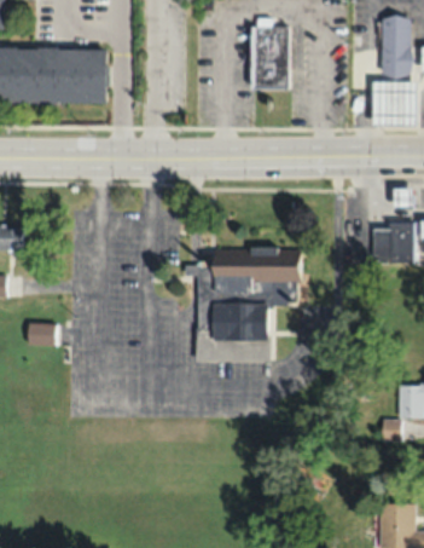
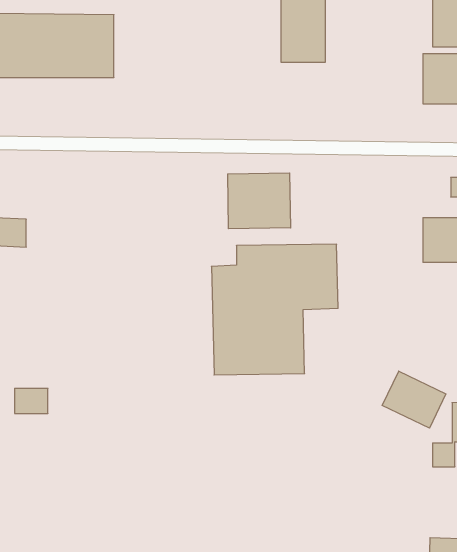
building: none -> [228,173,291,229]
building: [27,323,56,345] -> [15,388,48,413]
building: none -> [382,371,446,428]

